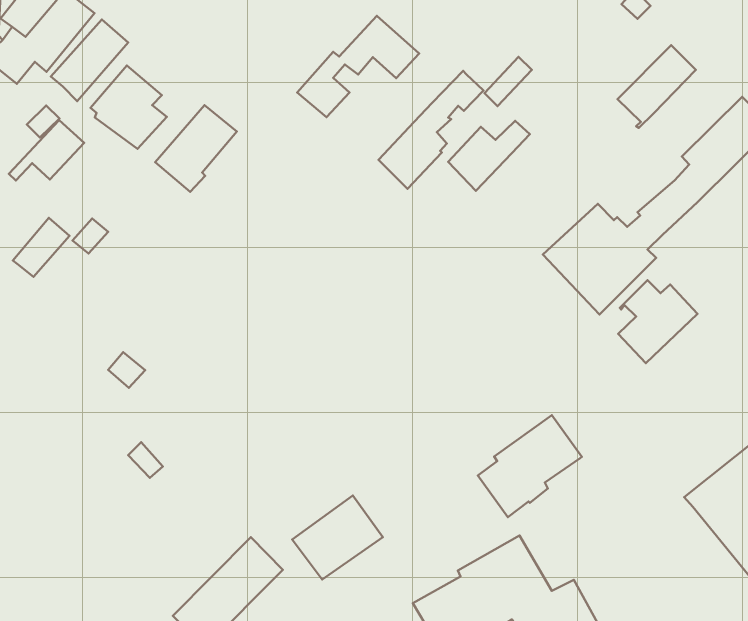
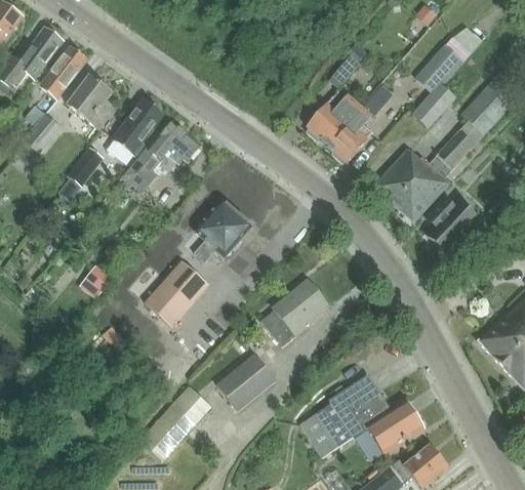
building: [297,16,419,117] -> [122,121,202,191]
building: [378,71,484,189] -> [326,82,394,163]
building: none -> [414,86,455,128]
building: [13,218,69,277] -> [68,146,105,186]
building: none -> [193,198,253,261]
building: none -> [146,260,208,326]
building: [478,415,582,517] -> [260,277,329,346]

